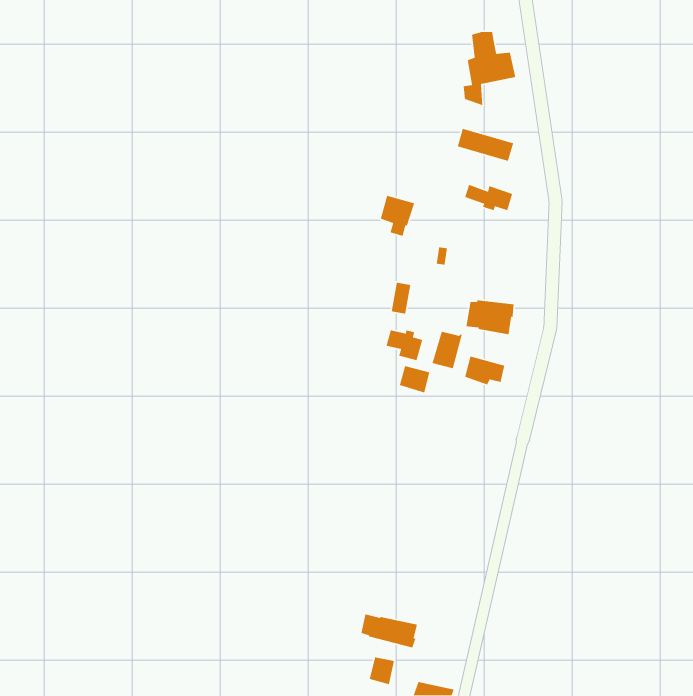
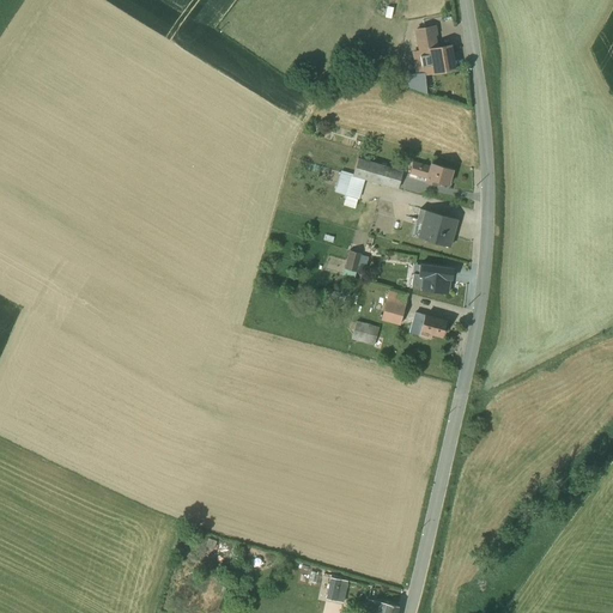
building: [457,128,514,162] -> [354,158,405,188]
building: none -> [412,208,460,247]
building: [385,329,423,361] -> none
building: [360,613,418,648] -> none

